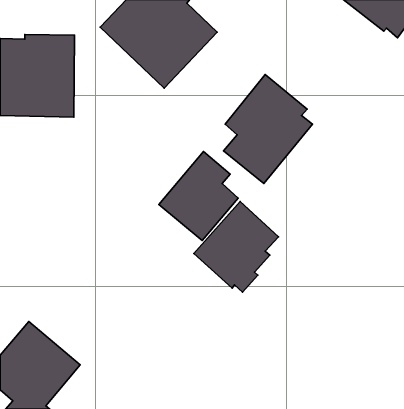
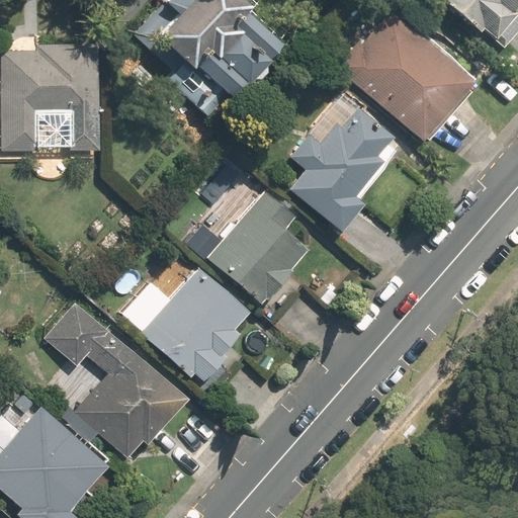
building: none -> [338,7,473,141]
building: [194,202,279,292] -> [142,266,249,380]
building: none -> [48,301,187,459]

